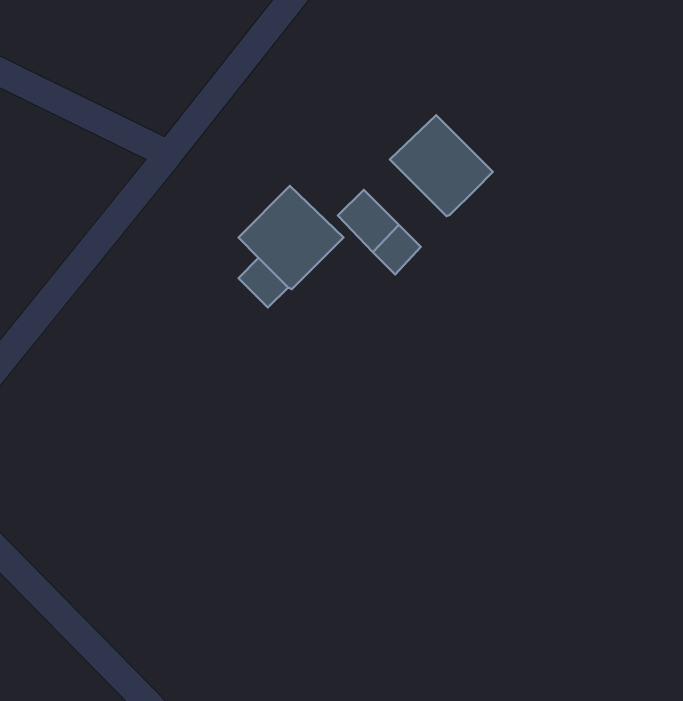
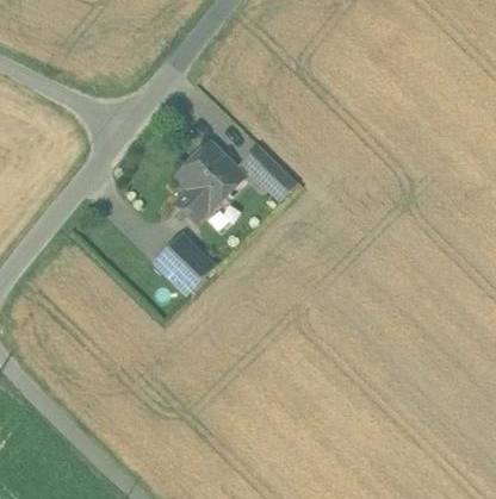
building: [390,115,493,216] -> none
building: none -> [156,235,213,292]

